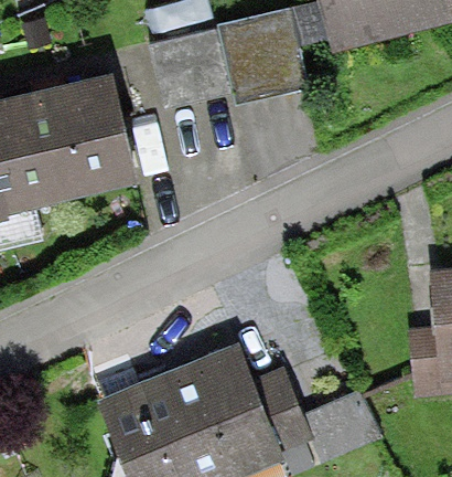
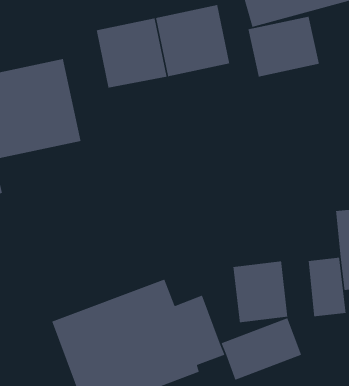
building: none -> [247,16,320,77]
building: none -> [233,261,288,323]

